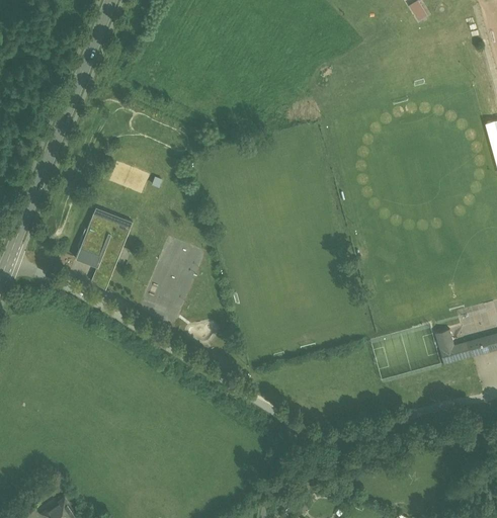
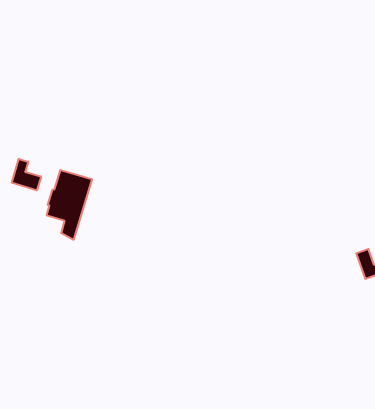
building: none -> [12,159,41,190]

